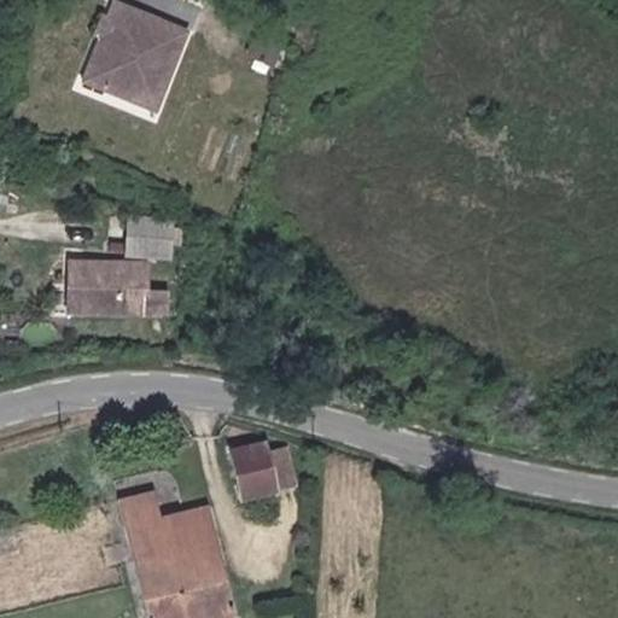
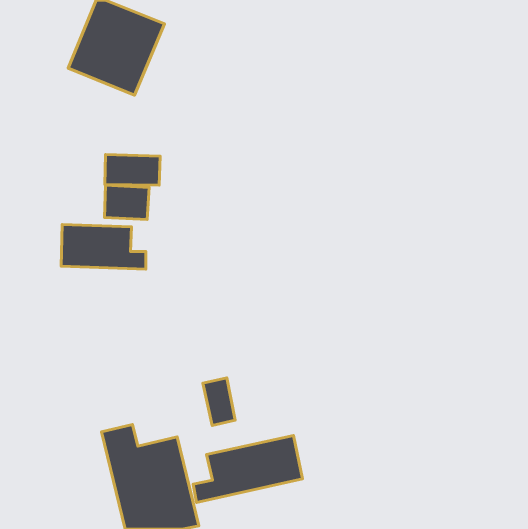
building: none -> [105,154,160,185]
building: none -> [193,436,303,503]

